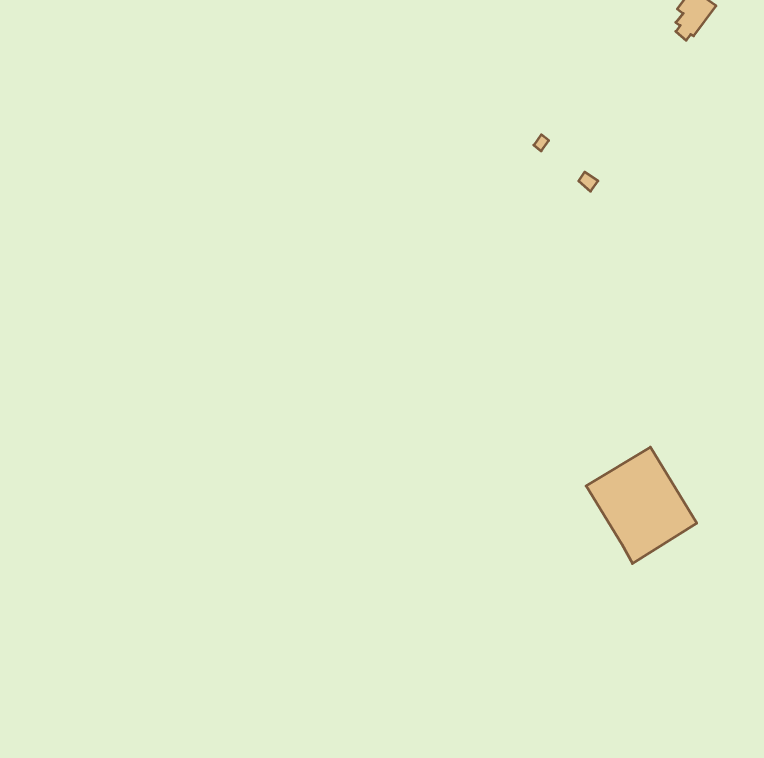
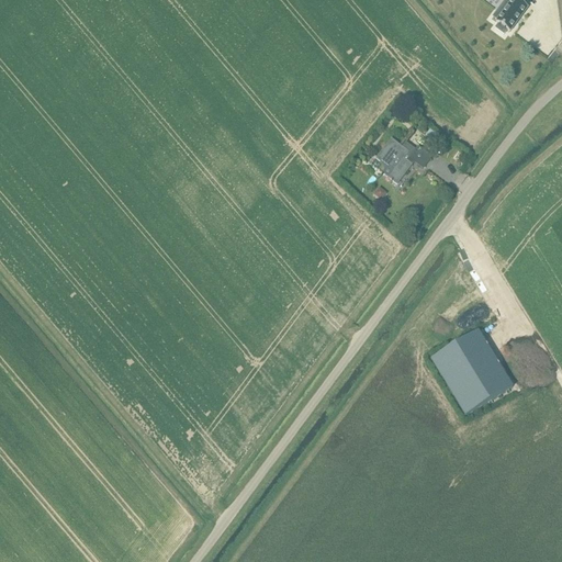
building: none -> [375,136,431,181]

